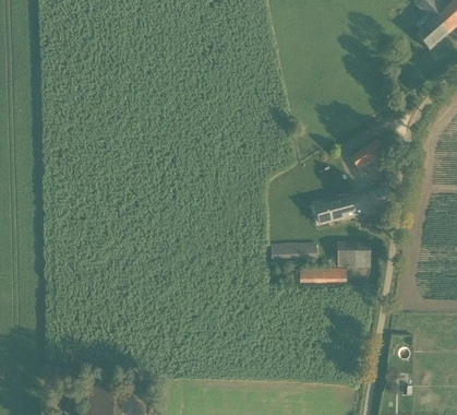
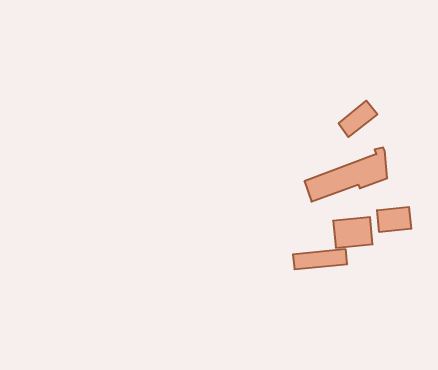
building: none -> [377,207,411,232]
building: [270,241,316,261] -> none

